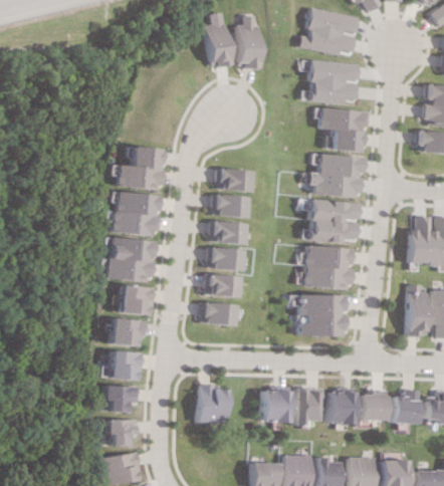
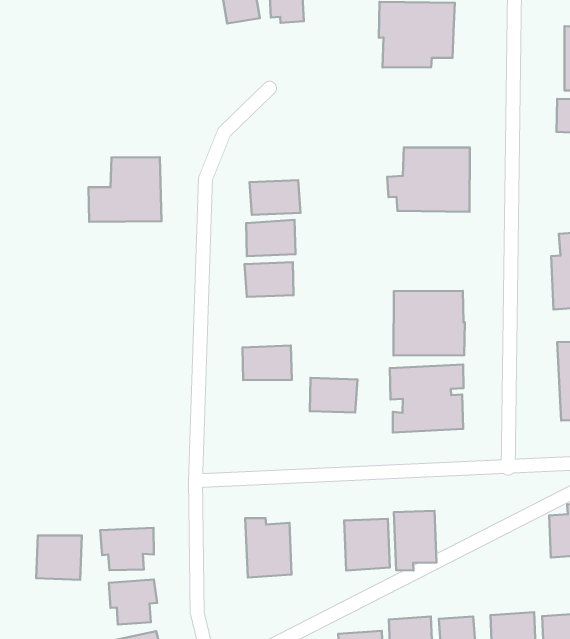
building: [316,107,365,152] -> none
building: [109,192,157,235] -> none
building: [299,200,357,242] -> none
building: [104,237,154,281] -> none
building: [206,246,239,271] -> none
building: [120,285,151,315] -> none
building: [202,301,234,325] -> [310,378,358,412]
building: [112,318,144,345] -> none
building: [110,350,142,381] -> [36,536,82,580]
building: [327,391,356,423] -> none
building: [360,395,389,420] -> none

